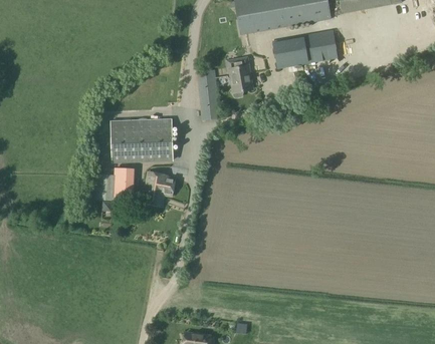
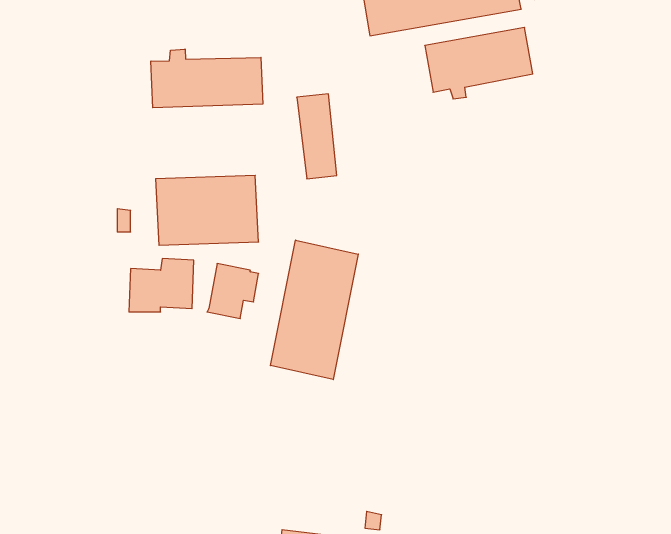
building: none -> [151,49,263,108]
building: [225,56,252,96] -> none
building: none -> [270,240,358,380]

